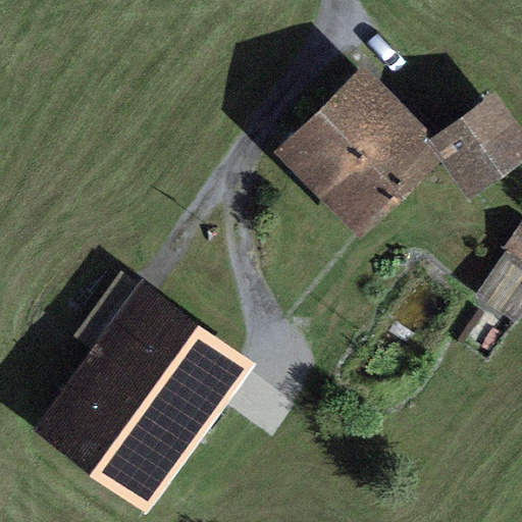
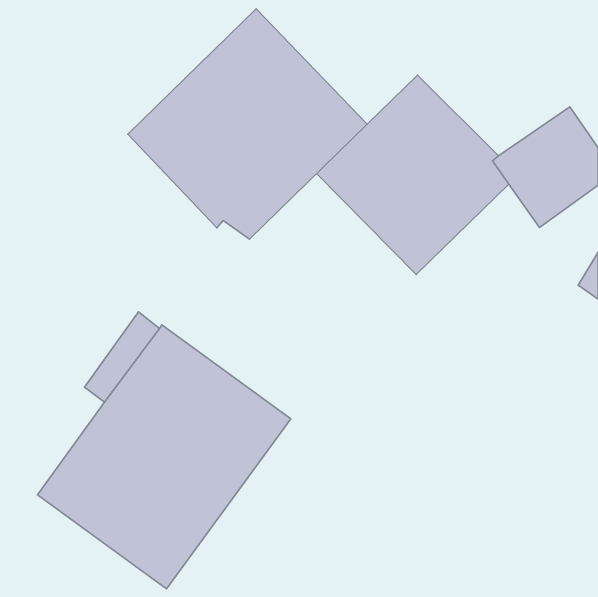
building: none -> [128,9,367,239]

